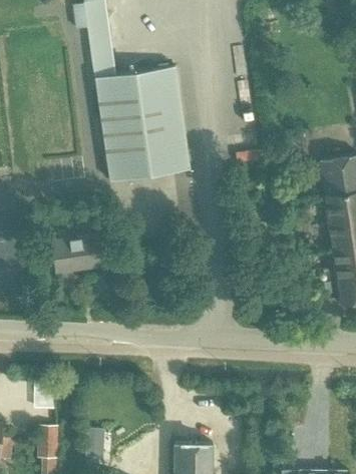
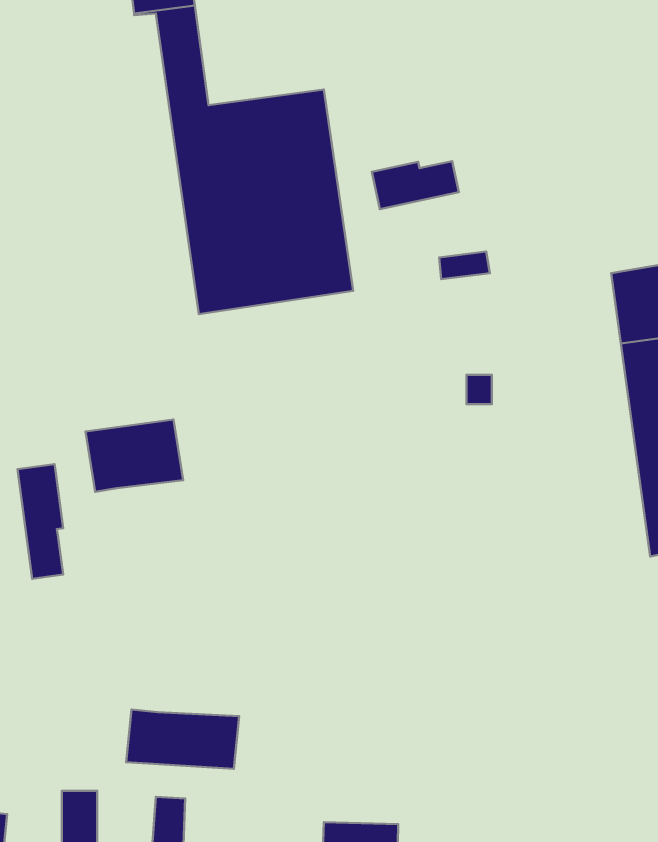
building: none -> [372,161,459,209]
building: none -> [17,464,63,579]
building: none -> [126,710,239,769]

